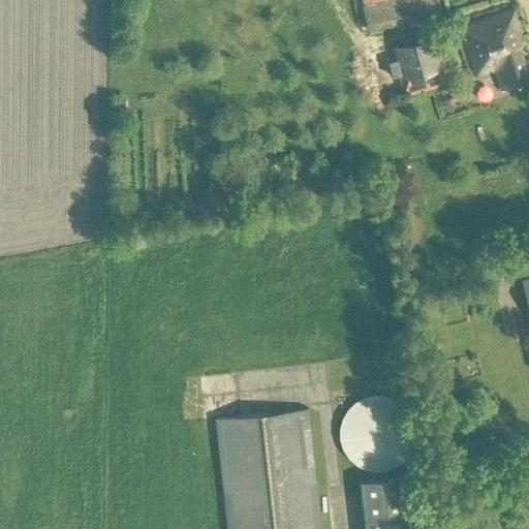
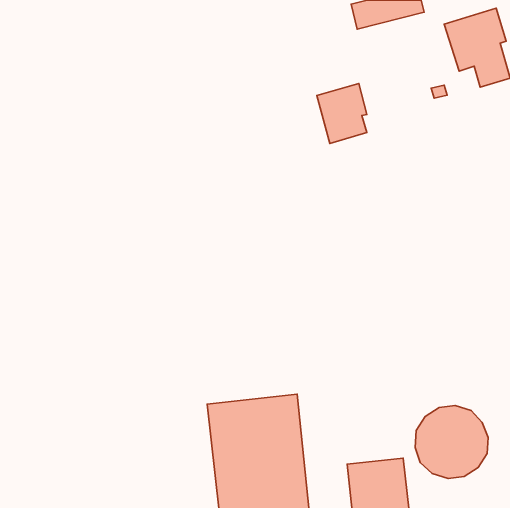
building: [392,37,443,99] -> [317,84,367,144]
building: [337,398,412,473] -> [415,405,488,478]

